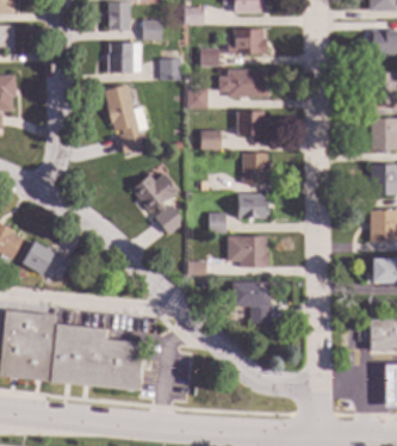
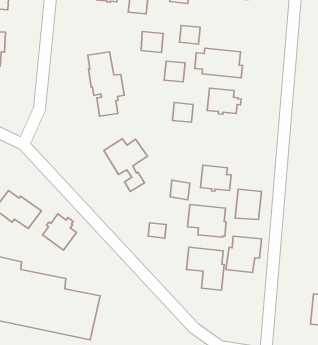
building: [229,29,268,55] -> none
building: [108,42,142,72] -> none
building: [243,153,268,184] -> [235,189,261,219]
building: none -> [43,214,76,250]
building: none -> [226,236,262,272]

